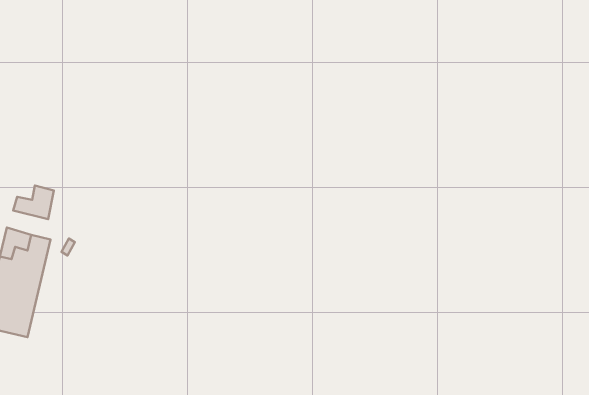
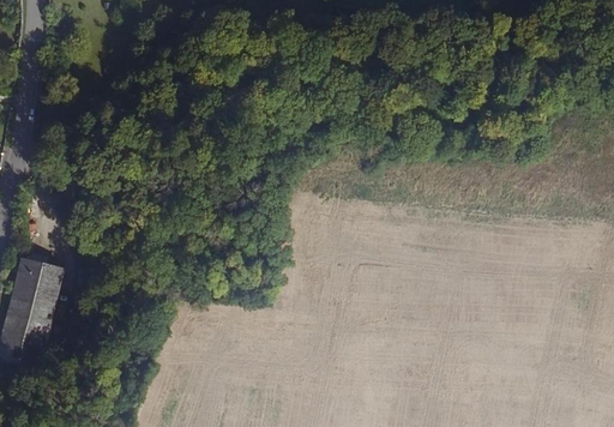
building: [13,186,54,219] -> none

